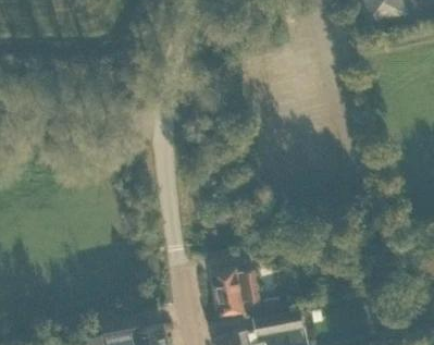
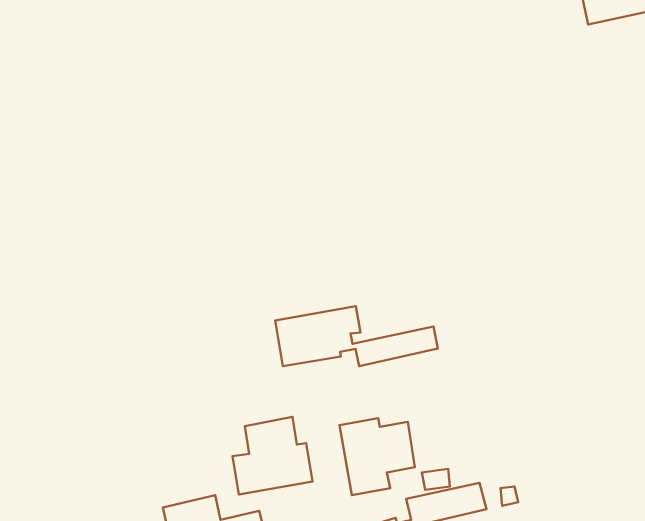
building: none -> [275,306,438,366]
building: none -> [232,417,313,494]

